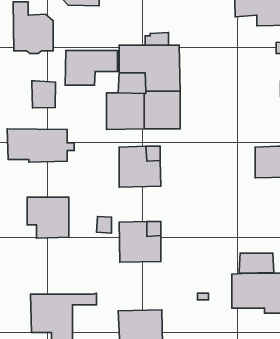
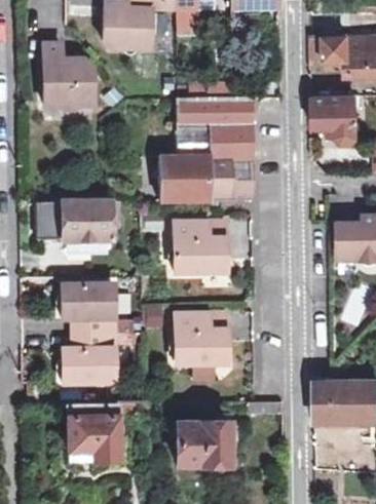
building: none -> [310,95,355,144]
building: [65,50,118,85] -> none
building: [32,81,55,108] -> none
building: none -> [62,334,113,383]
building: [239,253,274,273] -> none

